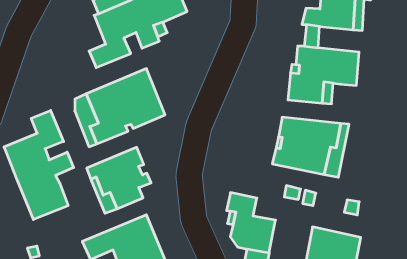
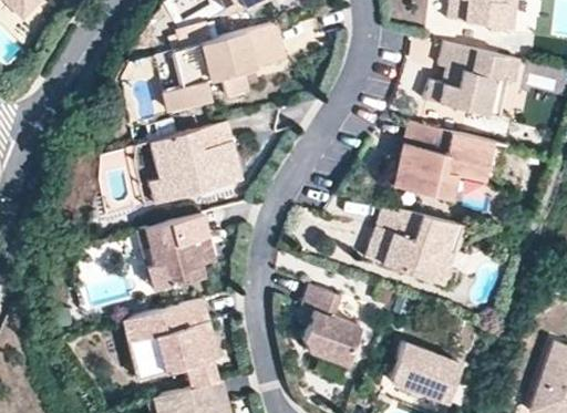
building: [4,110,74,220] -> none

